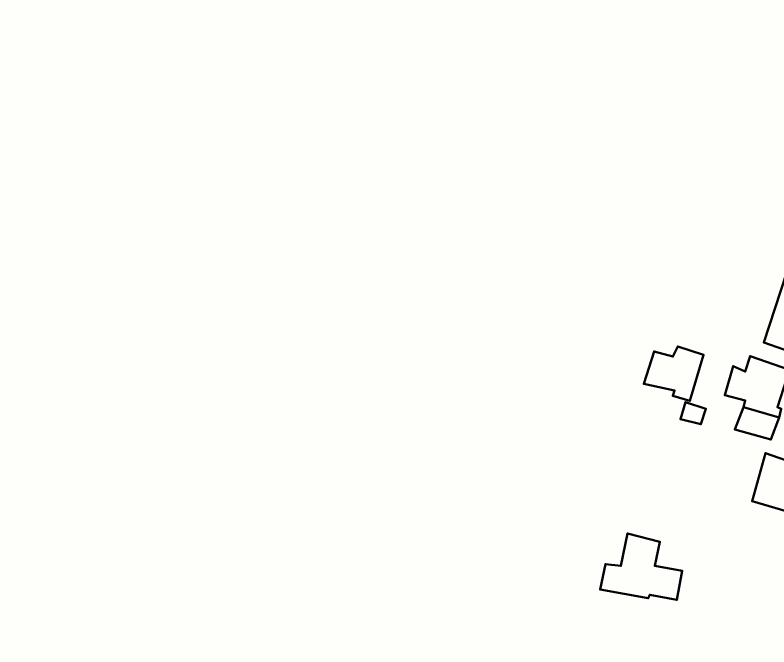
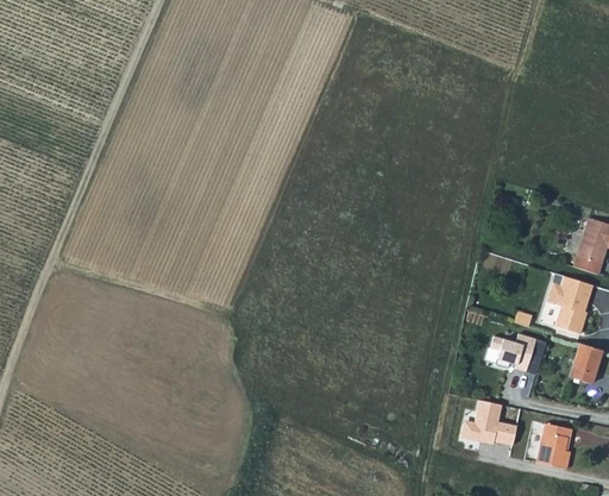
building: [644,346,704,401] -> [490,332,532,370]
building: none -> [536,421,573,467]

